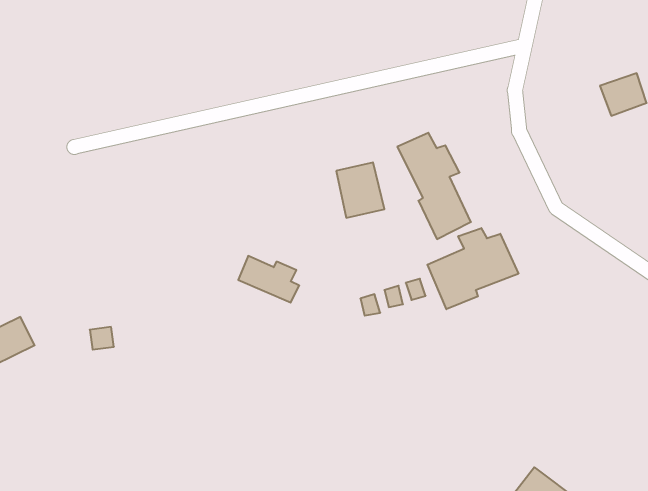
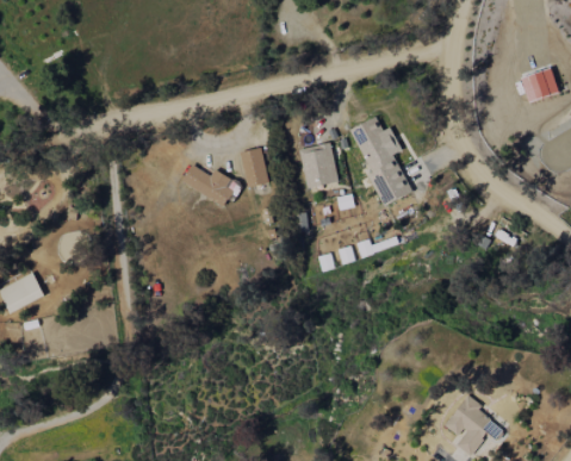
building: none -> [240,148,271,188]
building: [427,228,518,309] -> none
building: [238,256,299,303] -> [182,166,234,205]

